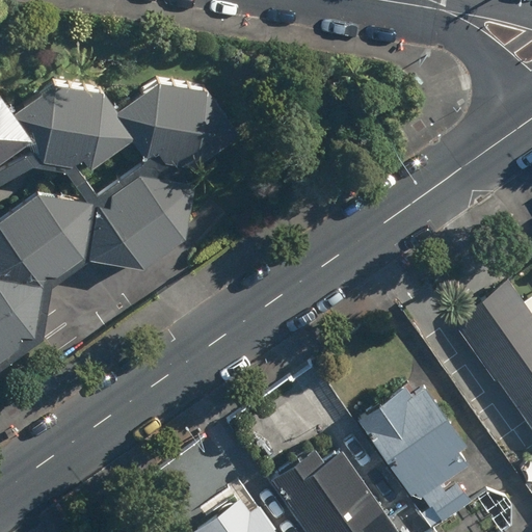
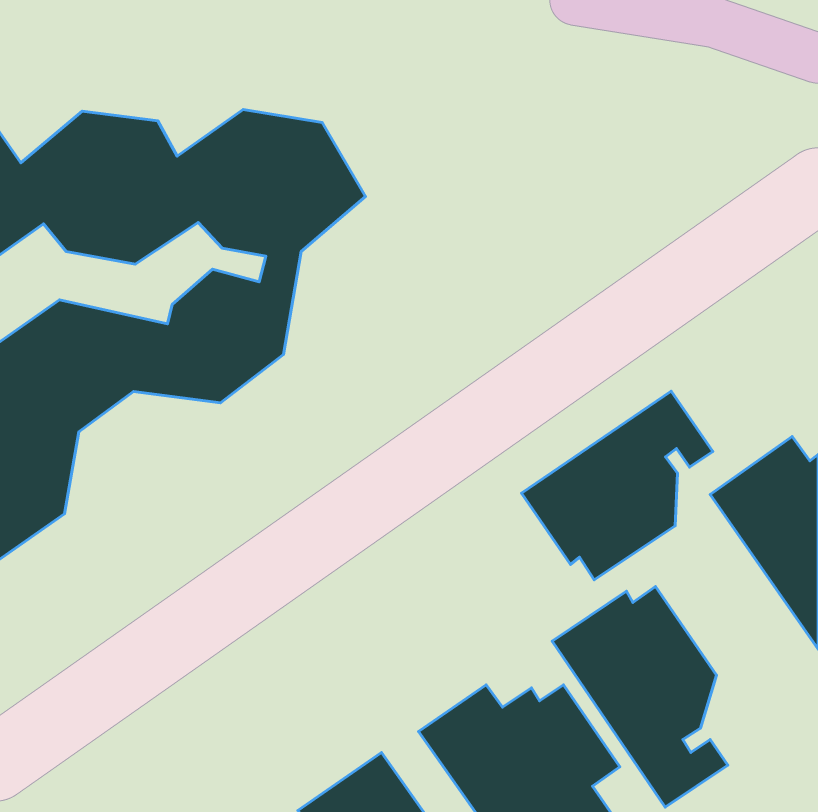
building: none -> [521,391,713,580]

